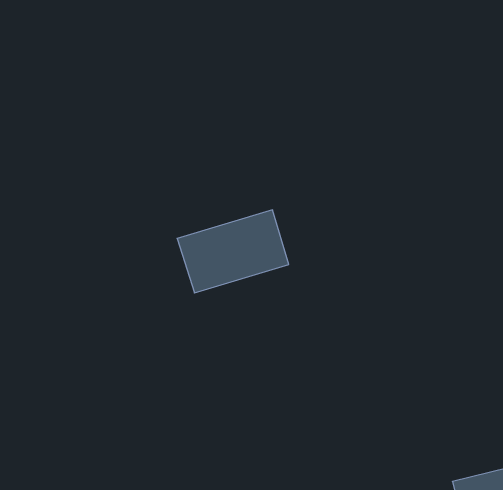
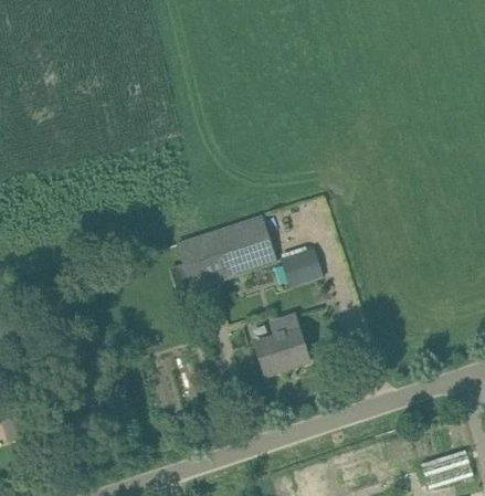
building: none -> [282,242,326,285]
building: none -> [252,314,306,374]

